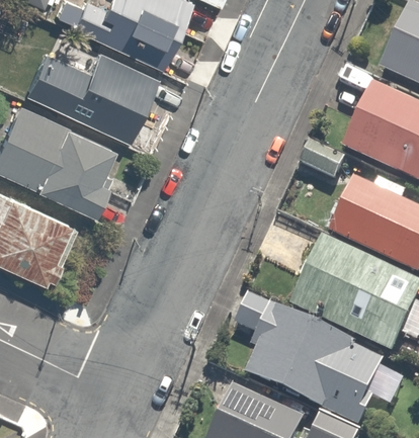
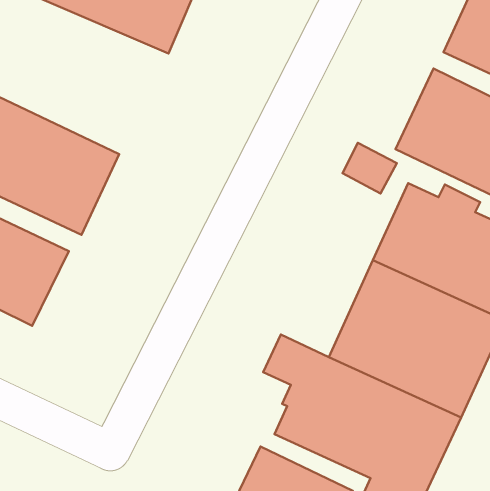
building: [35,50,153,139] -> none

